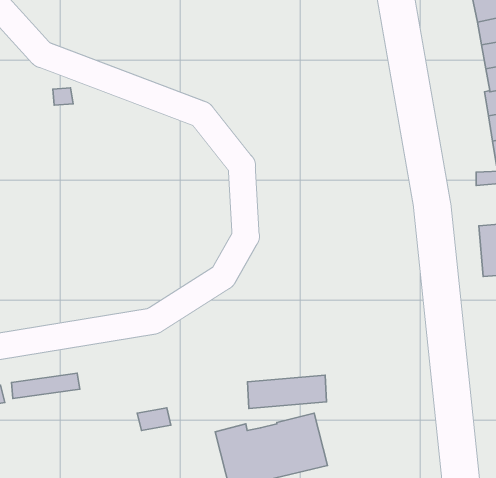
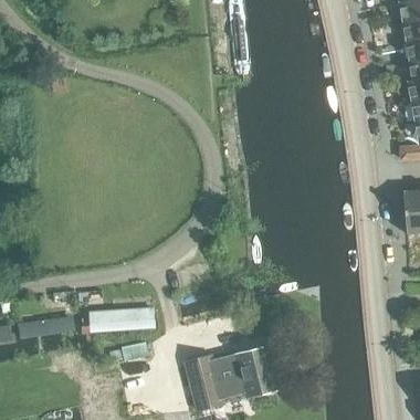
building: [247,375,326,409] -> [90,306,155,334]

